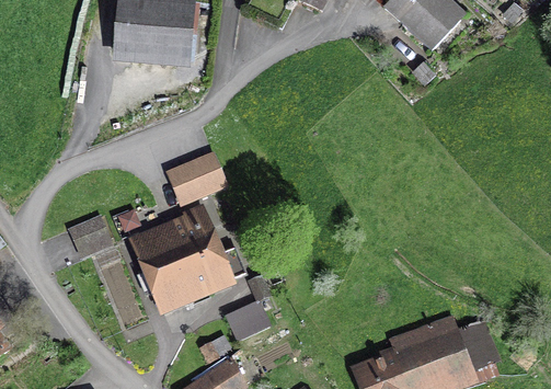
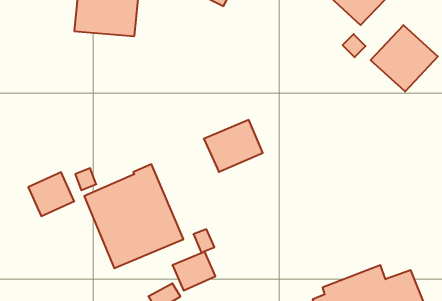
building: none -> [371,25,438,92]
building: [164,150,229,207] -> [204,120,263,172]

